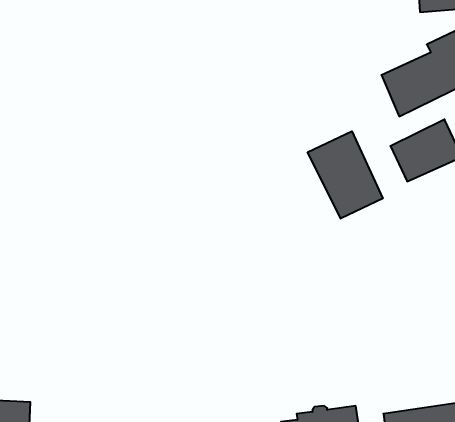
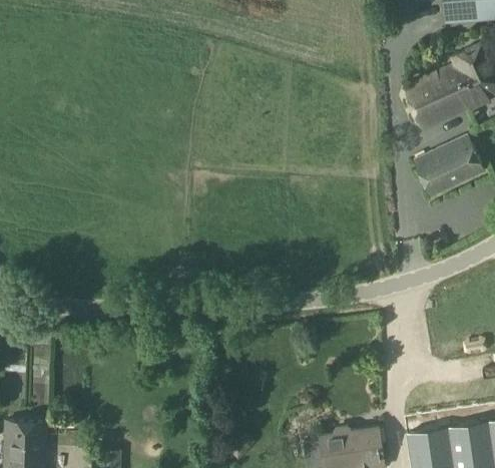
building: [308,131,383,219] -> none

